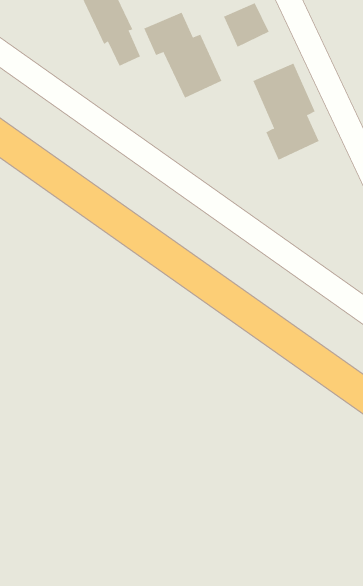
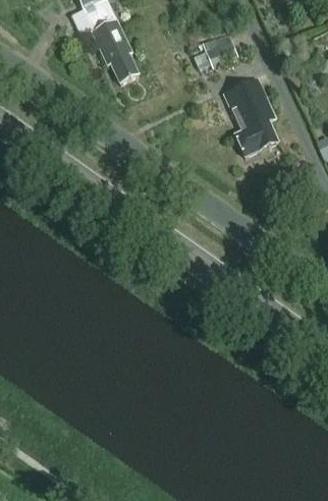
building: [144,12,222,99] -> none

